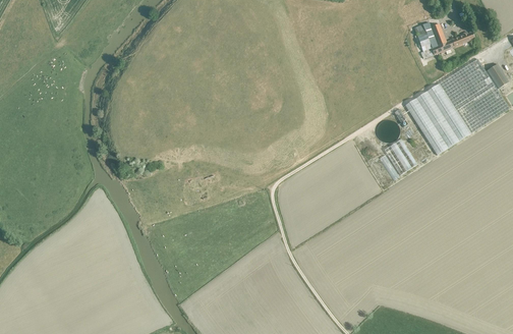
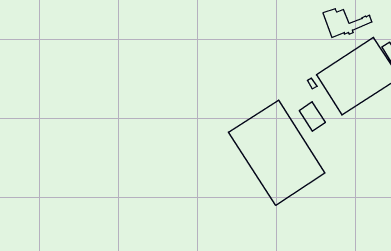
building: none -> [228,100,325,205]

